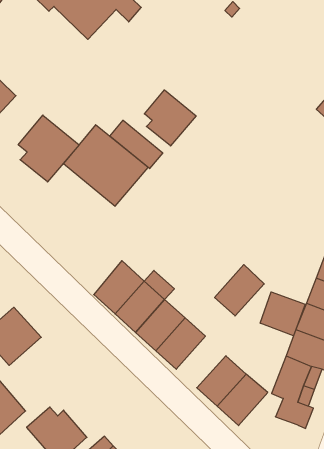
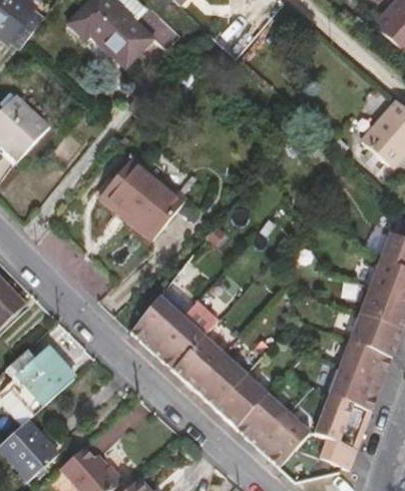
building: [144,90,196,146] -> none
building: [18,115,79,182] -> none
building: [110,120,163,169] -> none
building: [215,265,264,316] -> [216,374,267,427]
building: [260,292,305,336] -> none

